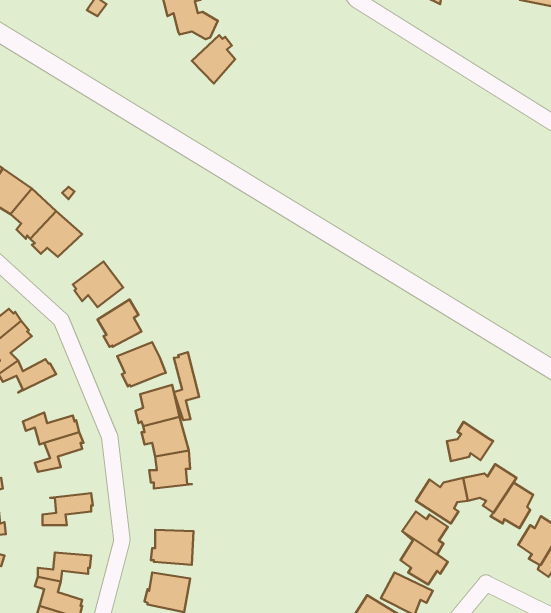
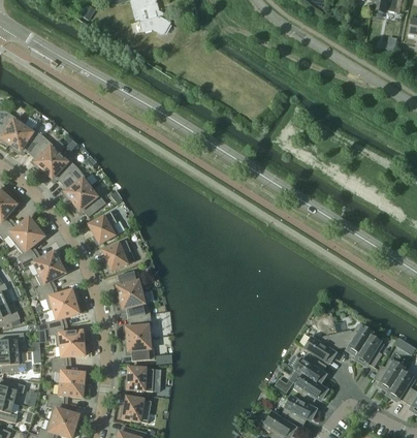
building: [192,35,235,83] -> none
building: none -> [62,166,93,200]
building: [174,352,199,420] -> none
building: none -> [35,261,65,293]
building: [447,422,493,461] -> none
building: none -> [49,324,85,345]
building: none -> [125,336,155,359]
building: none -> [52,364,86,384]

